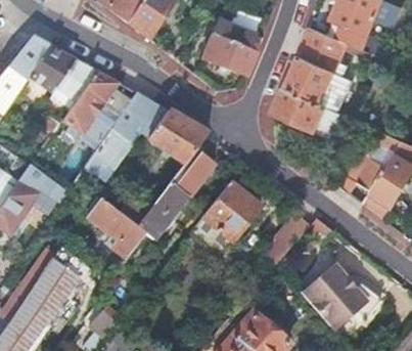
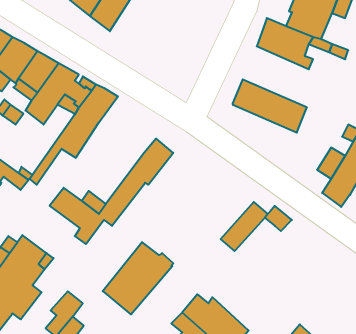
building: [216,19,268,77] -> none
building: [283,55,360,117] -> none
building: [137,106,205,164] -> none
building: [189,182,261,256] -> [103,242,173,314]
building: [301,263,379,328] -> none

